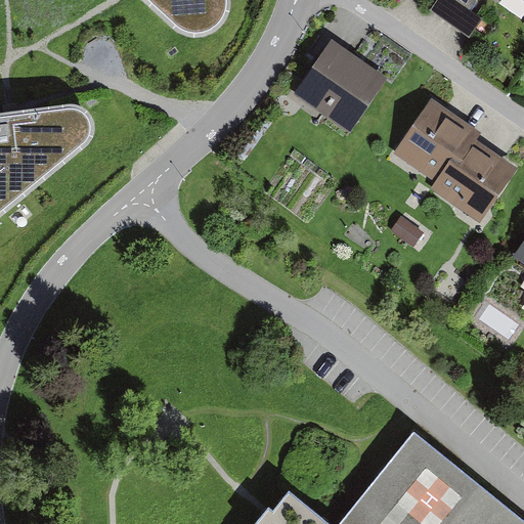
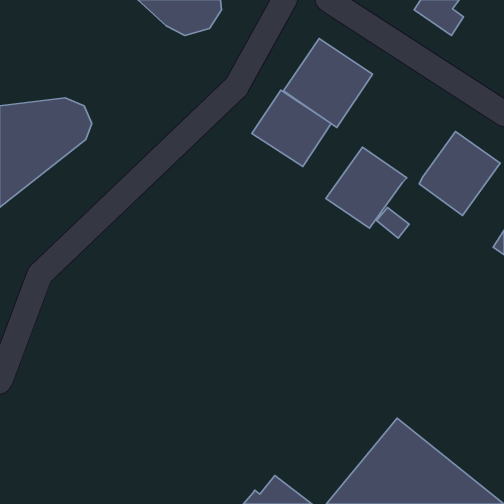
building: none -> [252,90,331,167]
building: [393,99,477,183] -> [326,147,407,228]

